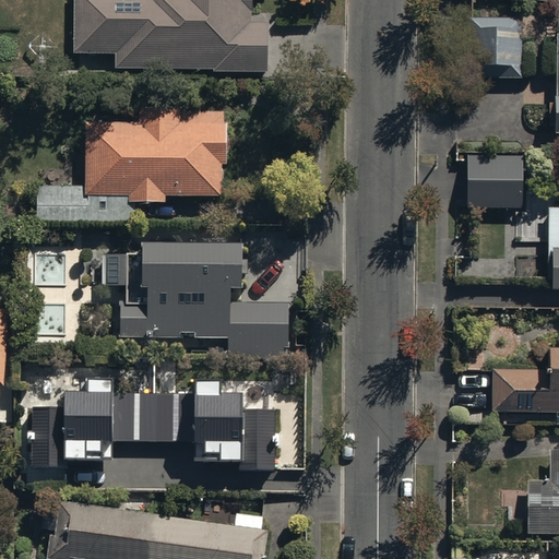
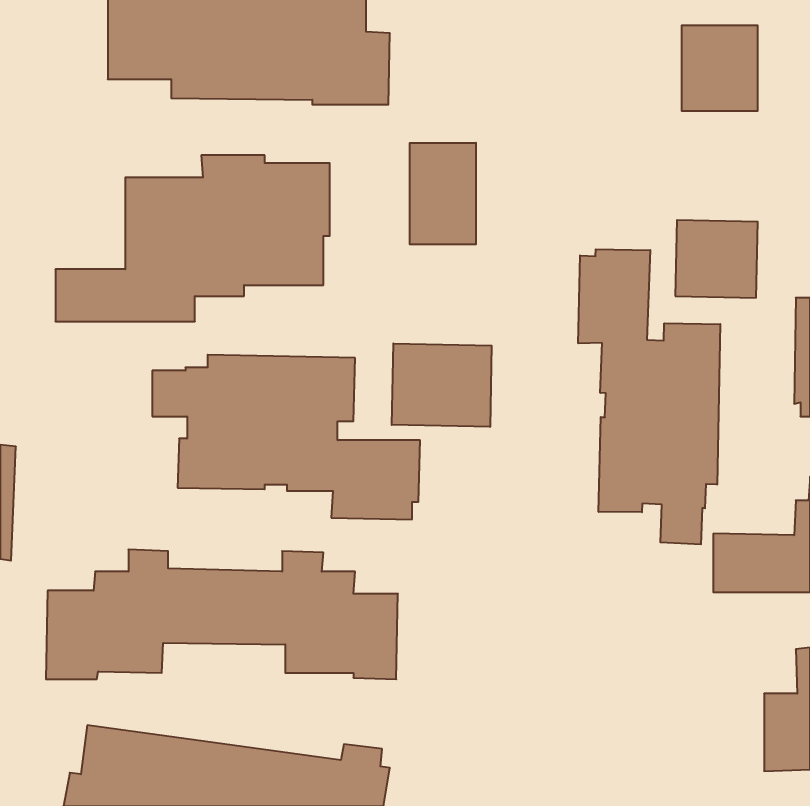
building: none -> [410,143,476,244]
building: none -> [578,249,720,544]
building: none -> [392,343,492,427]

